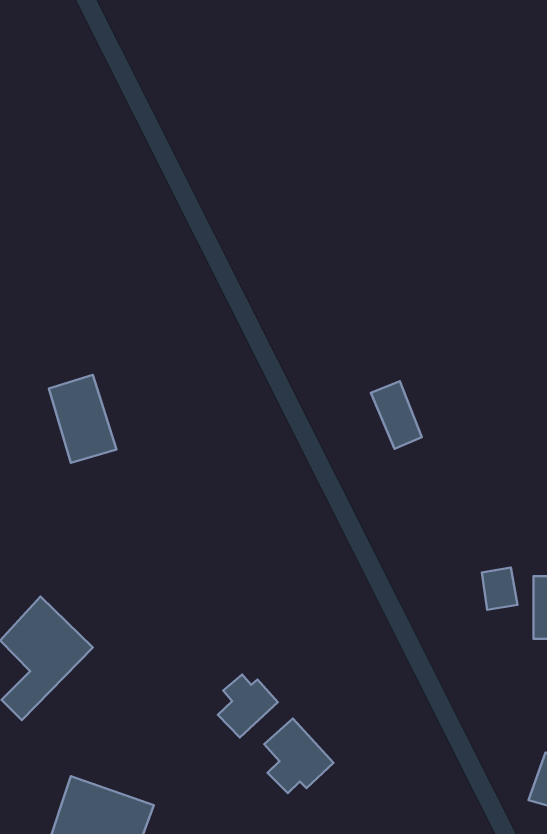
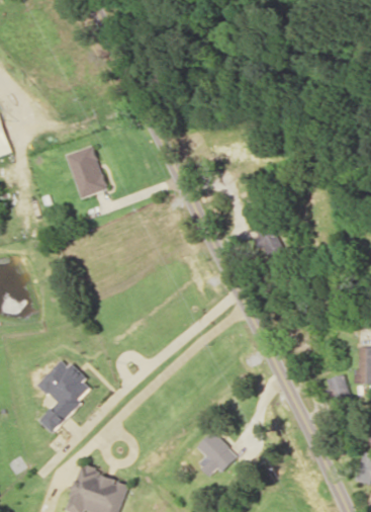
building: [49,375,117,463] -> [67,146,107,198]
building: [482,567,518,610] -> [327,375,348,401]
building: [218,674,278,737] -> none

